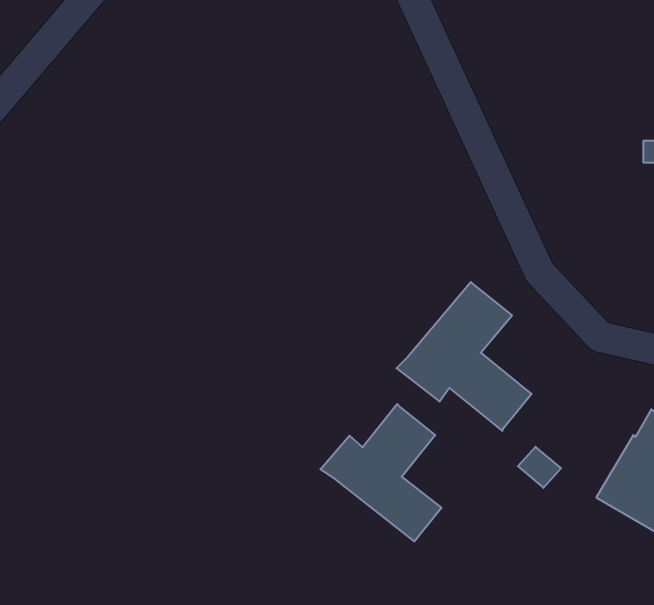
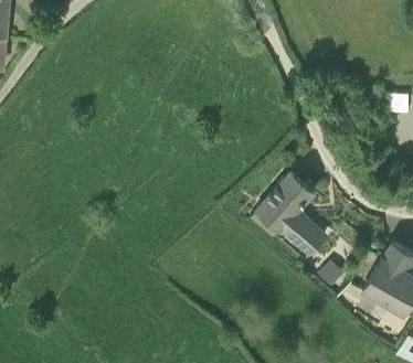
building: [320,404,442,541] -> none

